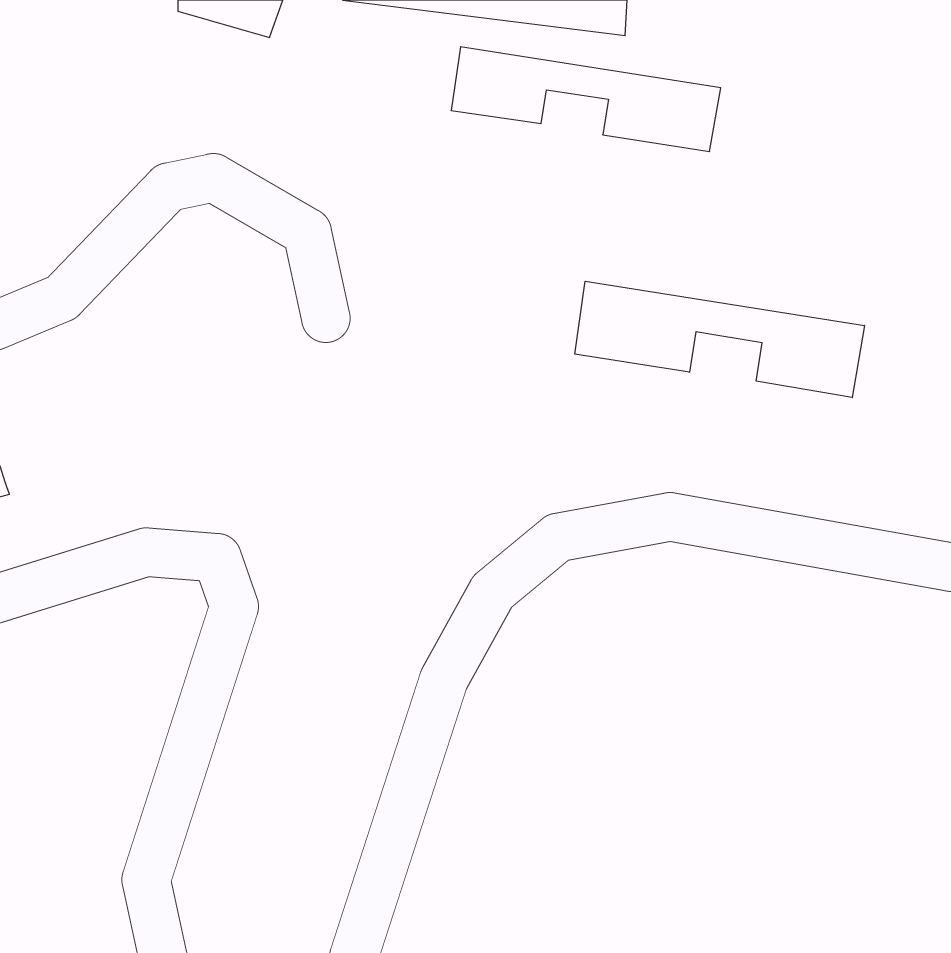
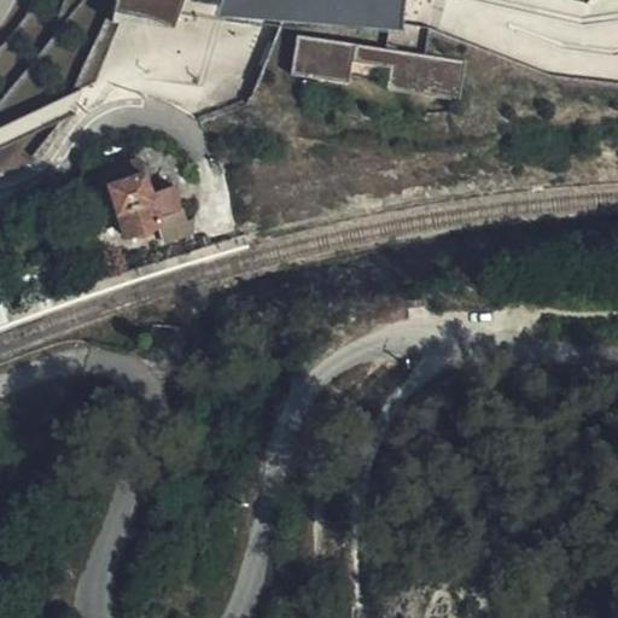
building: none -> [100,158,180,245]
building: [575,281,864,398] -> none

